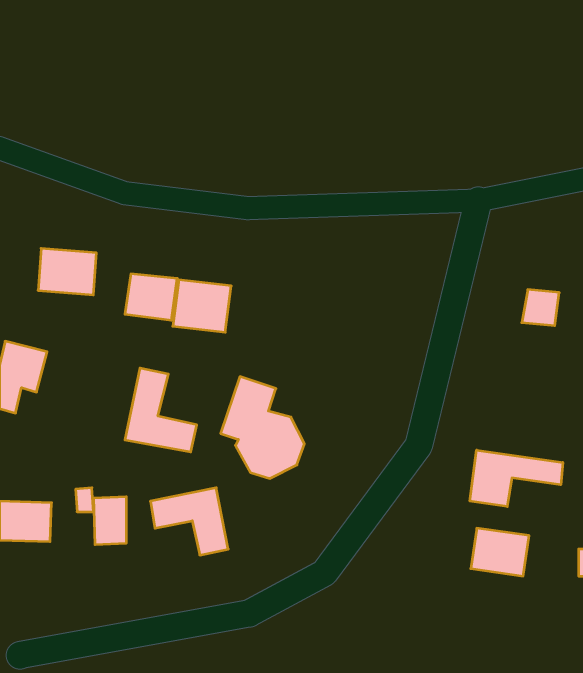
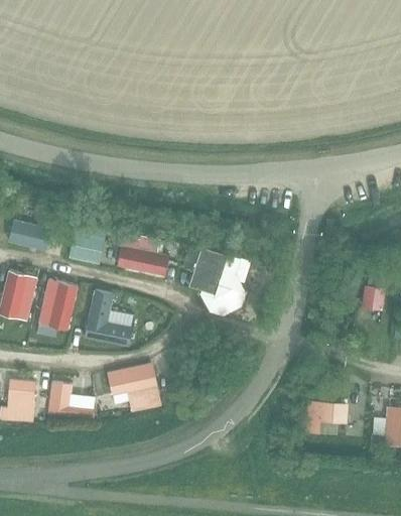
building: [522,290,559,326] -> [361,285,386,309]
building: none -> [37,282,77,332]
building: [221,377,304,478] -> [189,249,246,317]
building: [470,450,563,507] -> none

